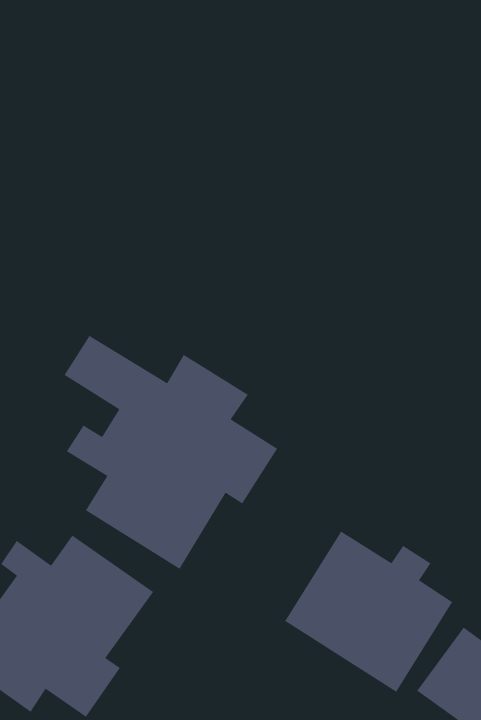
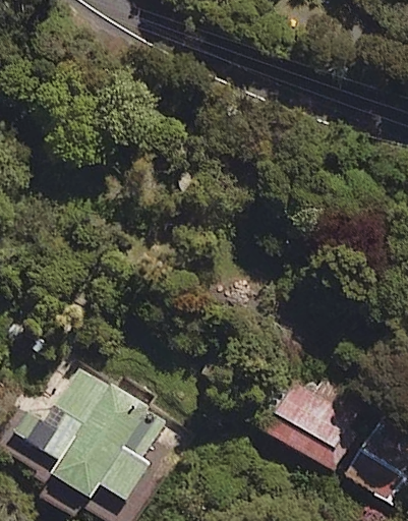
building: [63,335,278,570] -> none

